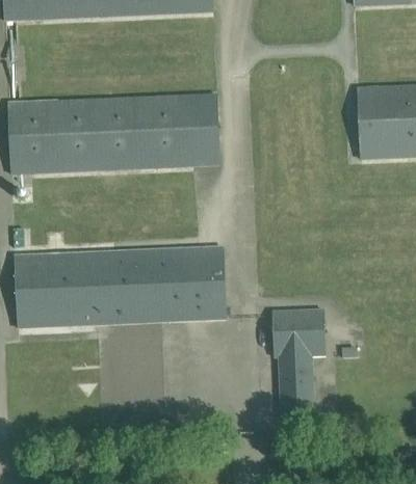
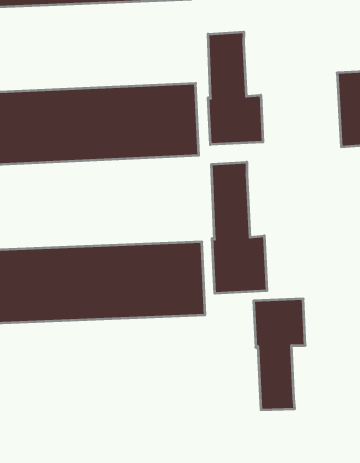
building: none -> [208,32,263,145]
building: none -> [212,162,267,293]

